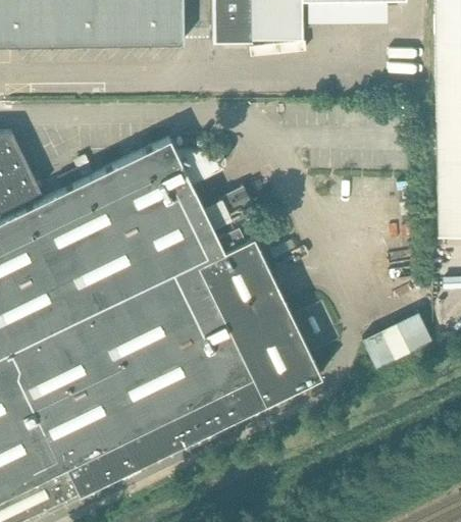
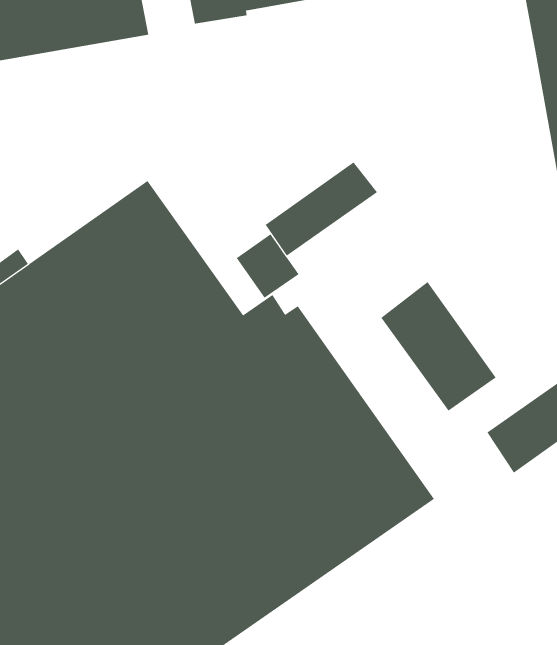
building: none -> [265,162,378,256]
building: none -> [380,281,496,412]

